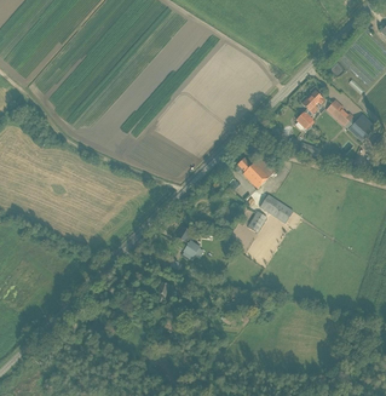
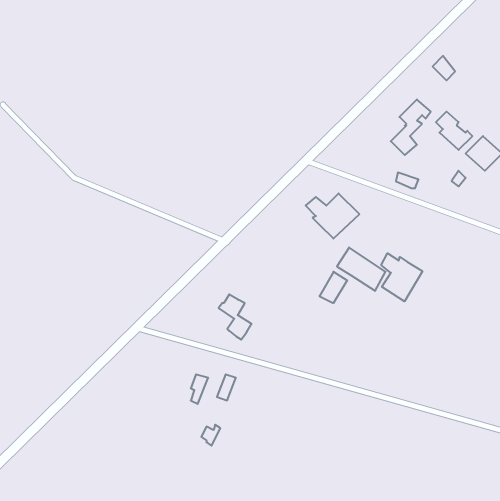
building: none -> [381,253,422,301]

